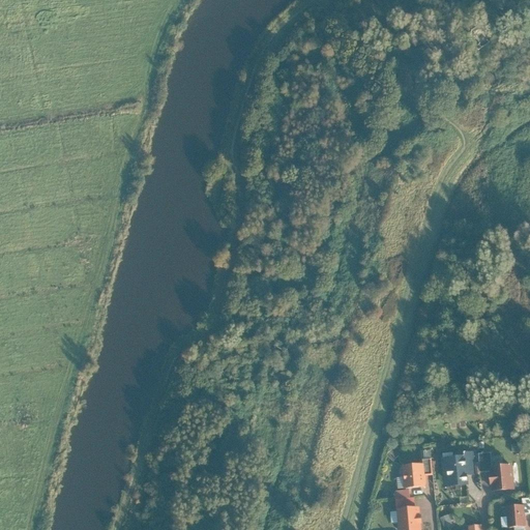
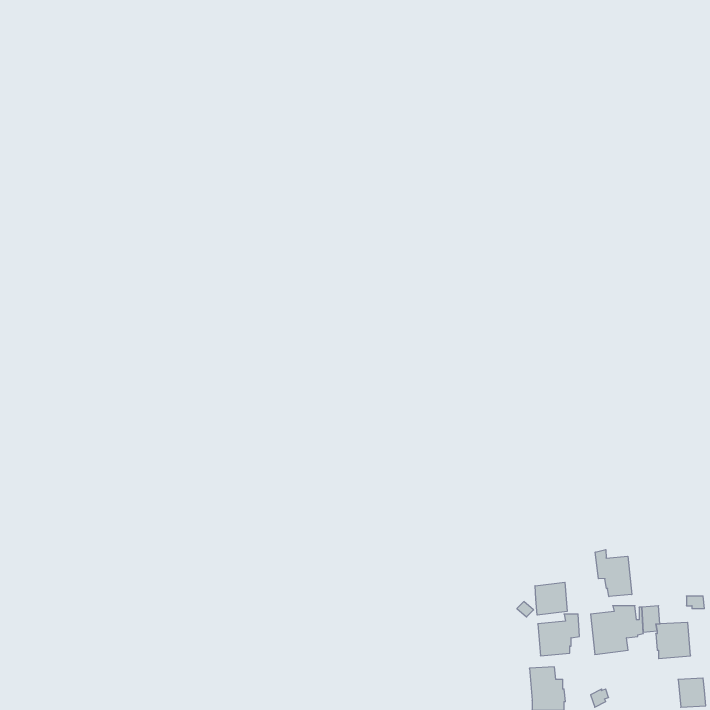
building: none -> [595,550,632,597]
building: none -> [535,582,567,615]

